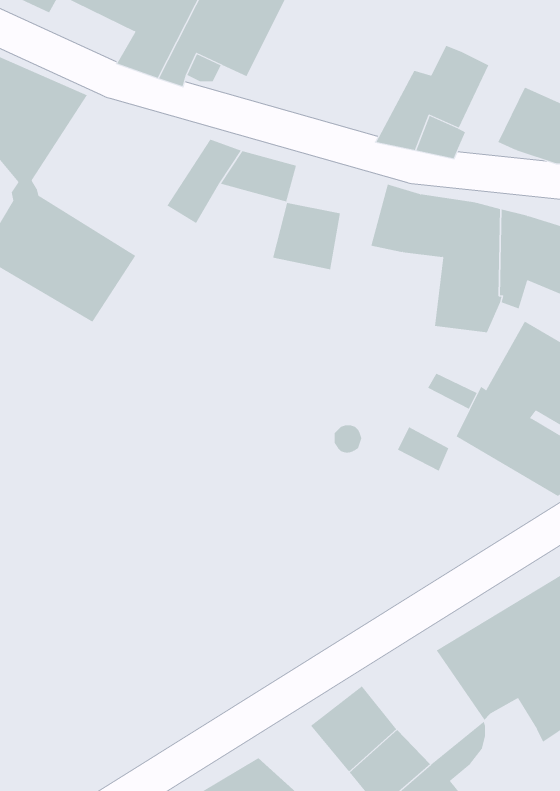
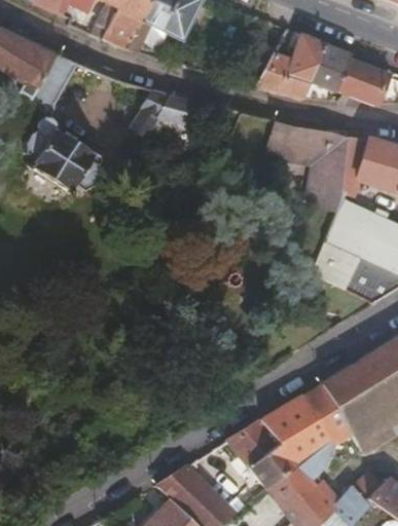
building: none -> [313,41,354,88]
building: [272,202,341,270] -> none
building: none -> [253,401,328,471]

